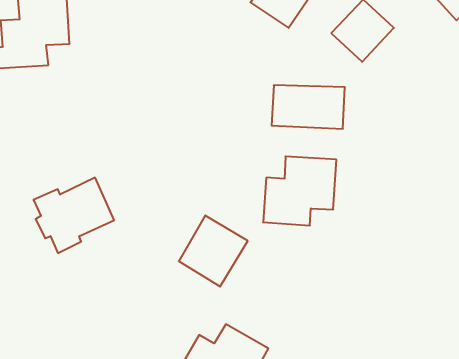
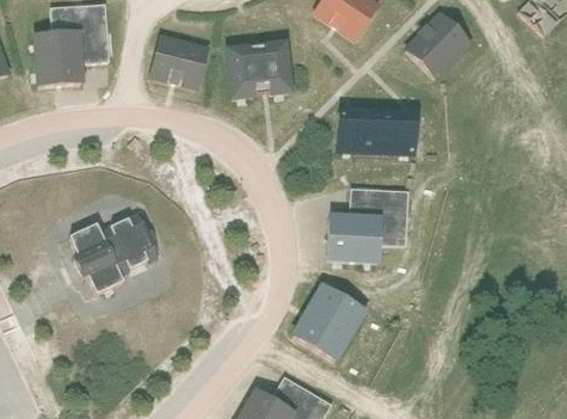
building: none -> [148,33,210,92]
building: none -> [222,37,294,99]
building: [179,215,248,287] -> [290,282,368,362]

